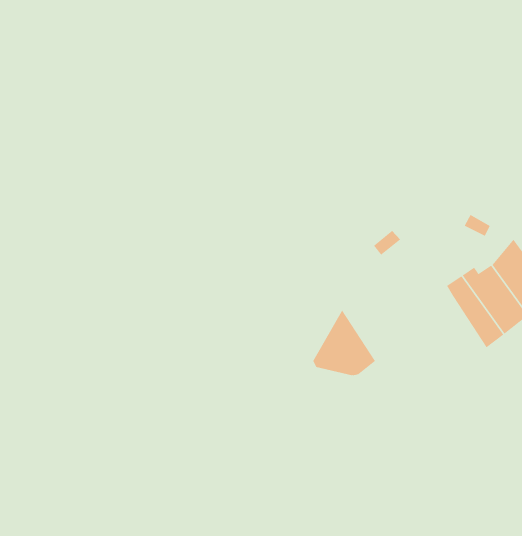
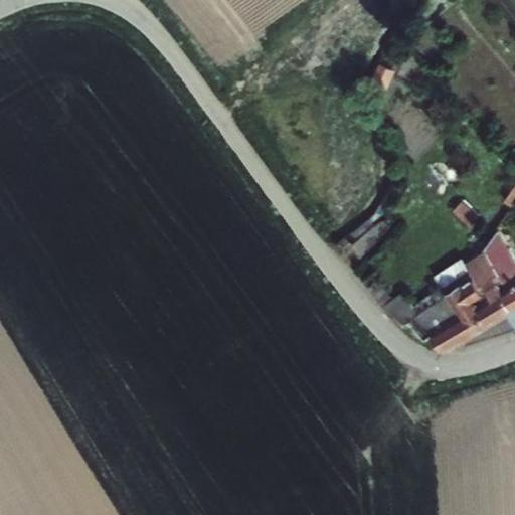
building: [312,309,376,376] -> [419,286,480,349]

